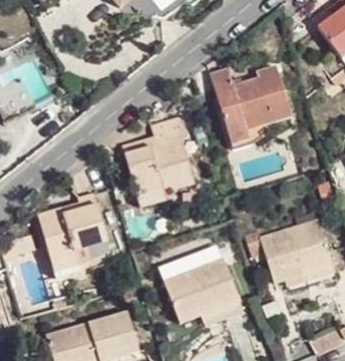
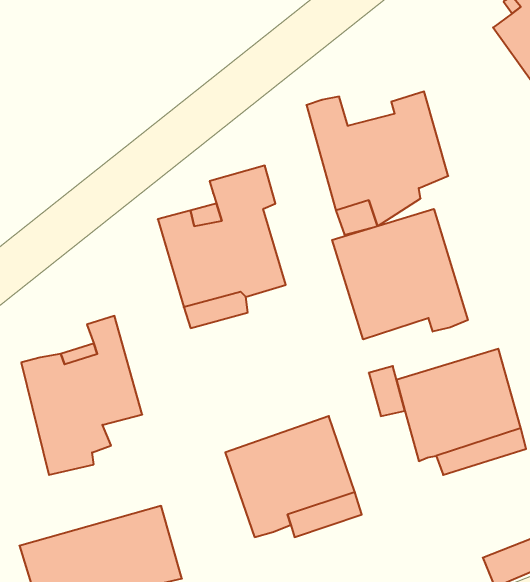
building: none -> [332,209,468,339]

